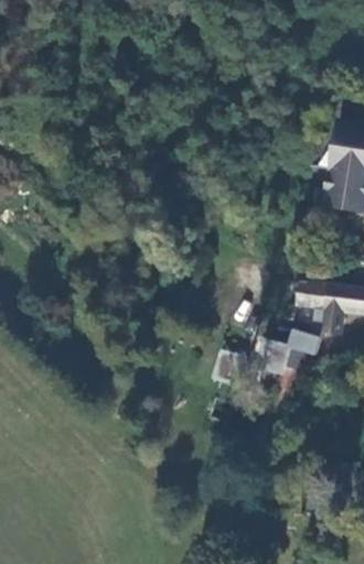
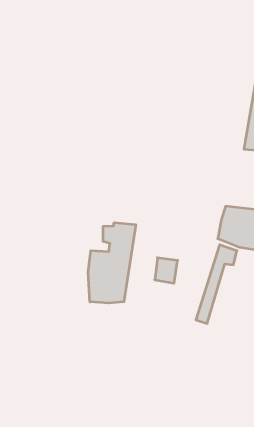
building: none -> [88,223,136,303]

